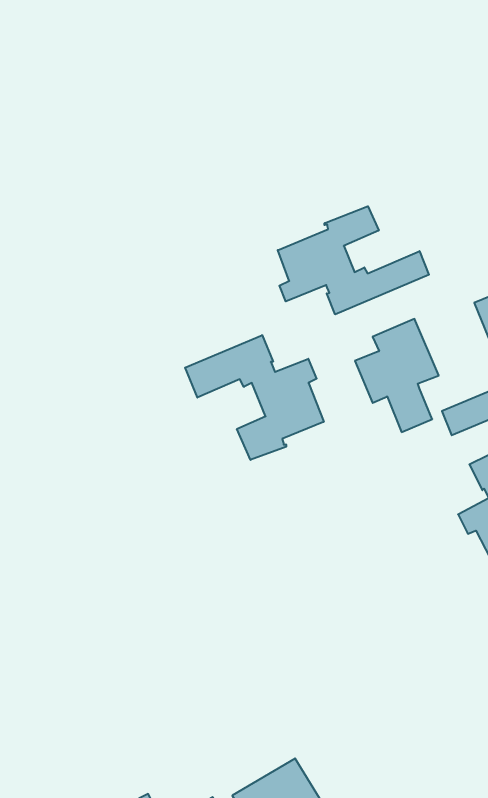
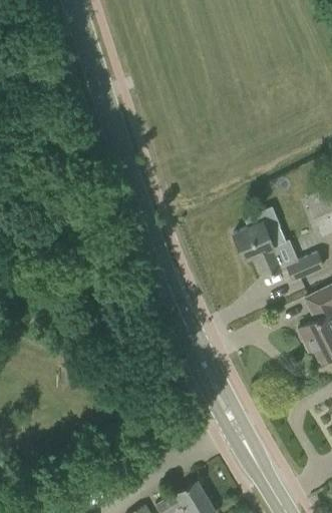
building: [278,206,429,314] -> none
building: [185,335,324,460] -> none

